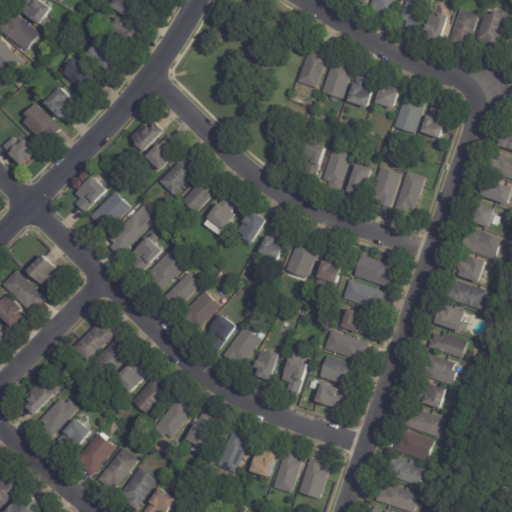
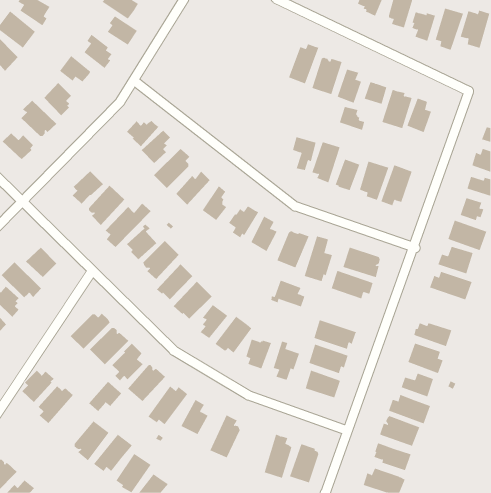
building: none -> [339,106,365,131]
building: [434,306,466,332] -> none
building: [336,308,372,336] -> [270,280,305,307]
building: [54,418,89,450] -> [88,381,122,412]
building: [249,443,275,477] -> none

